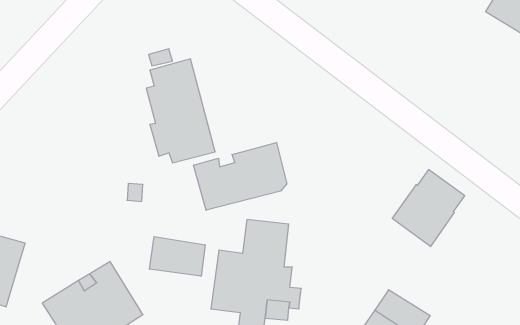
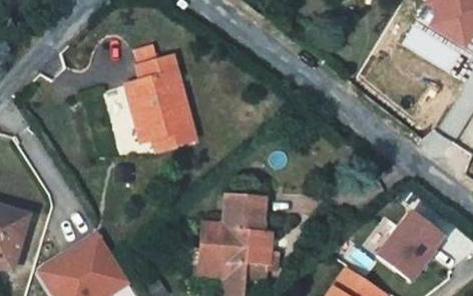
building: [194,142,287,210] -> none
building: [392,170,465,247] -> [380,203,444,271]
building: [150,237,205,276] -> none

